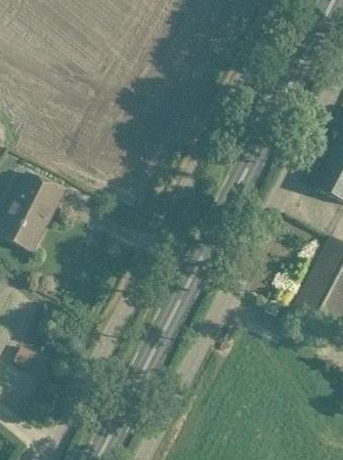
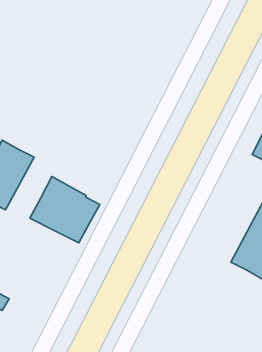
building: none -> [30,177,100,243]

